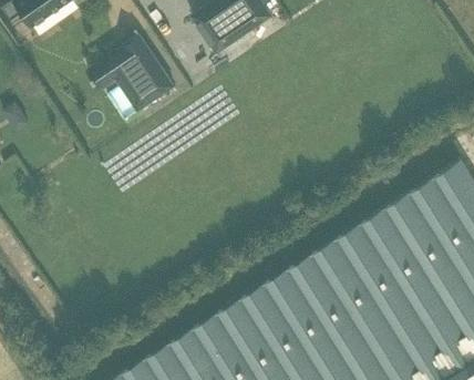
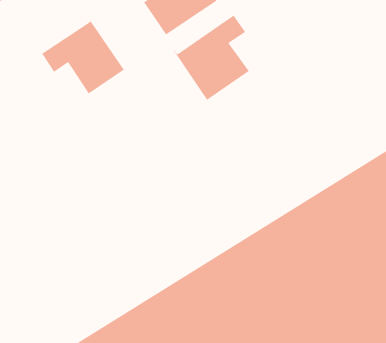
building: none -> [172,14,250,101]

